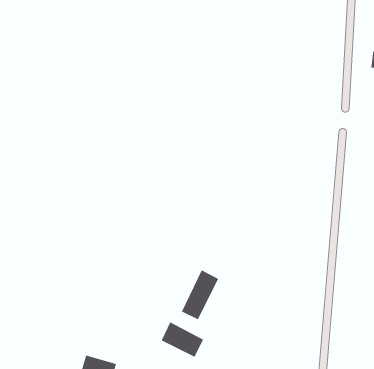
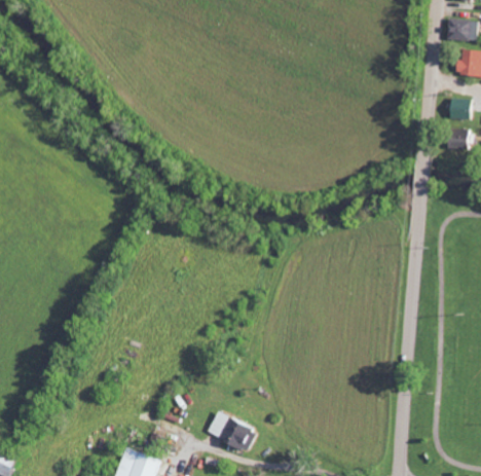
building: [181,269,219,320] -> none

